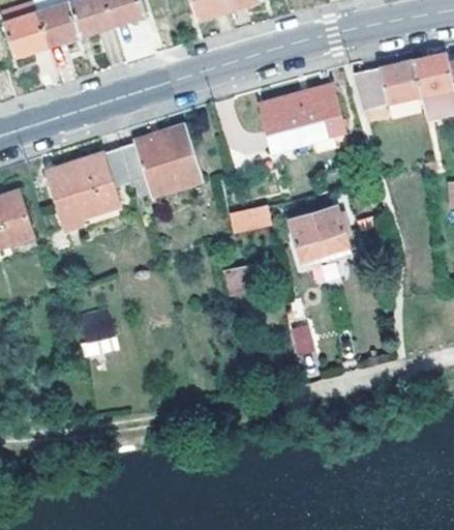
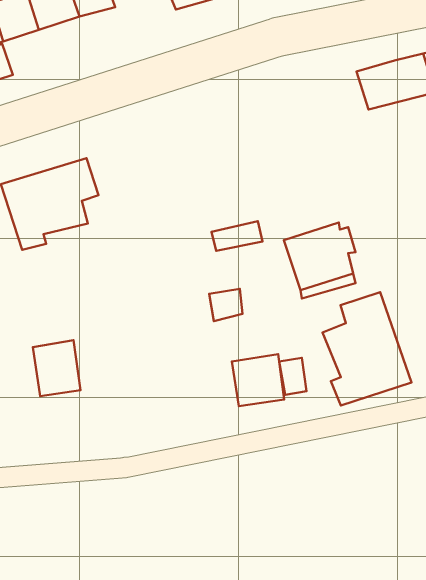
building: [261,86,343,150] -> none
building: [120,127,201,197] -> none
building: none -> [322,292,411,405]
building: none -> [232,354,284,406]

